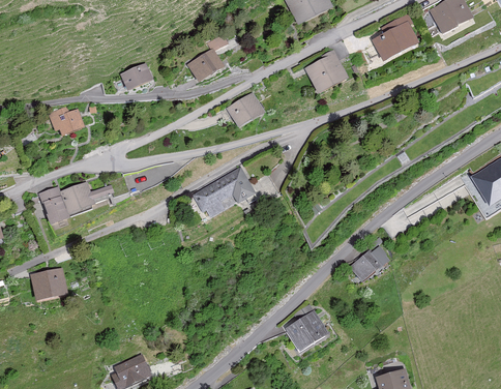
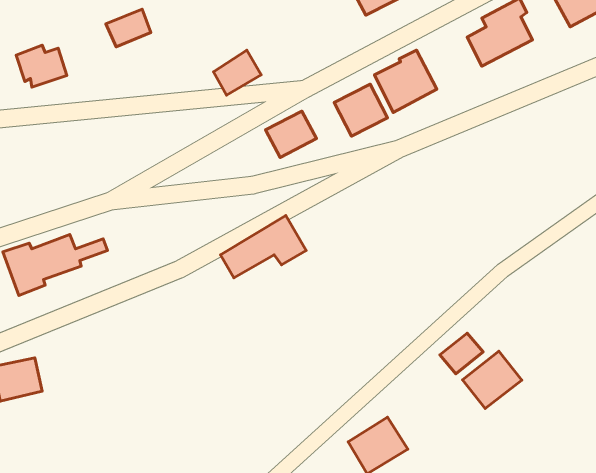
building: [120,64,152,91] -> [106,9,151,47]
building: none -> [334,84,387,136]
building: [49,106,85,136] -> [16,45,67,87]
building: none -> [463,351,522,409]

